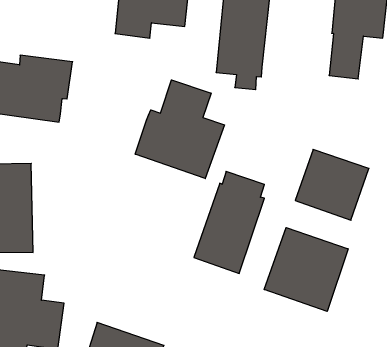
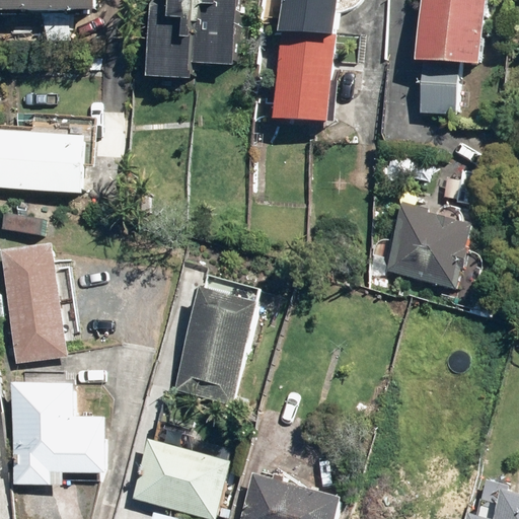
building: [135,80,224,179] -> none
building: [194,171,264,273] -> [173,273,256,398]
building: [264,228,348,311] -> none

